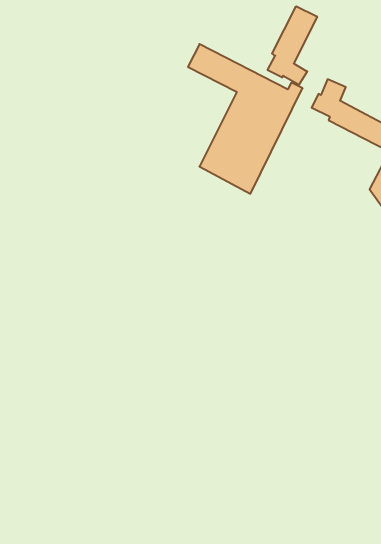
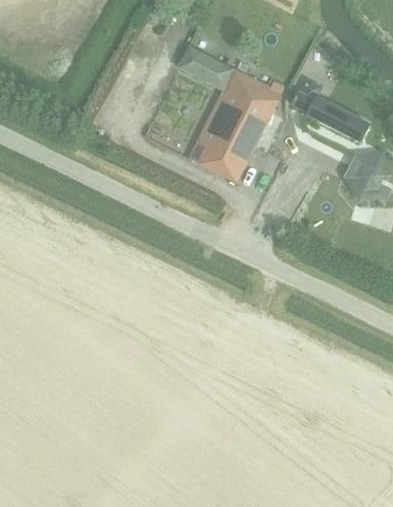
building: [268,6,317,85] -> none

